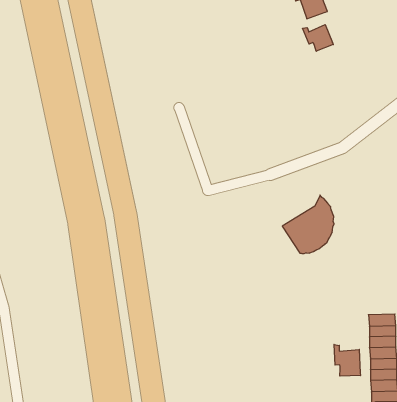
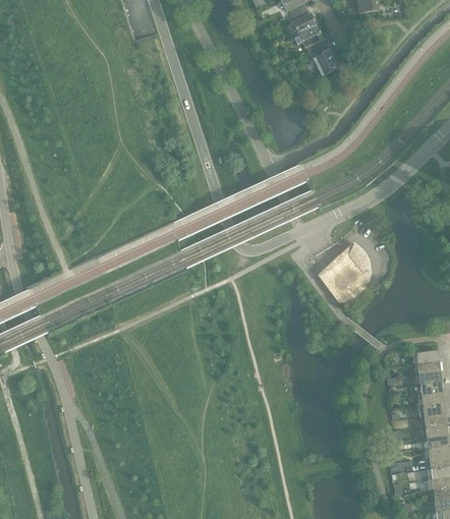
building: [303,25,333,51] -> none
building: [334,344,360,376] -> none

